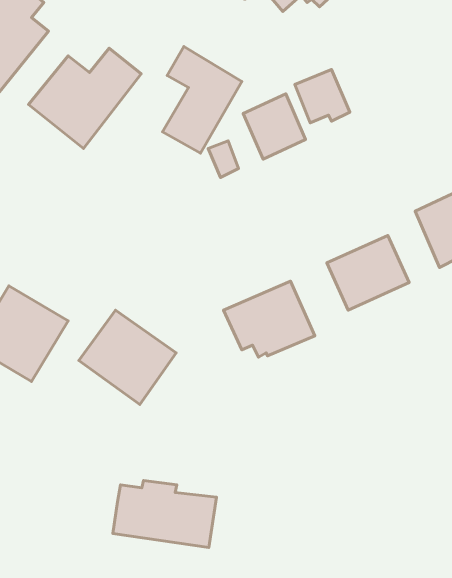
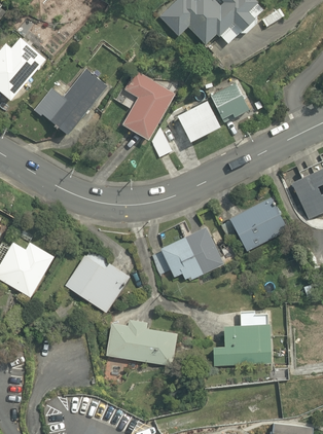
building: none -> [211,312,274,365]
building: [113,480,216,547] -> [106,319,176,364]

